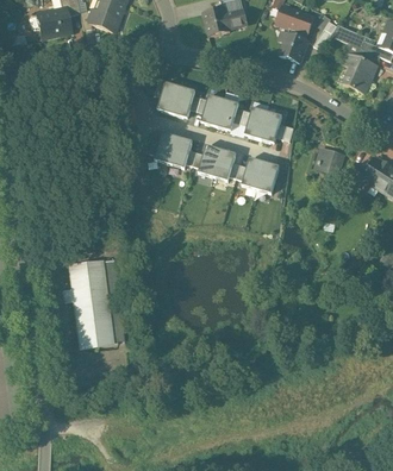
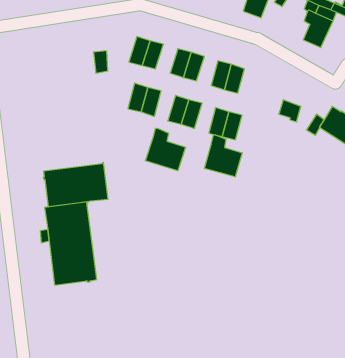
building: none -> [146,128,185,171]
building: none -> [204,135,242,177]
building: none -> [44,162,108,207]

